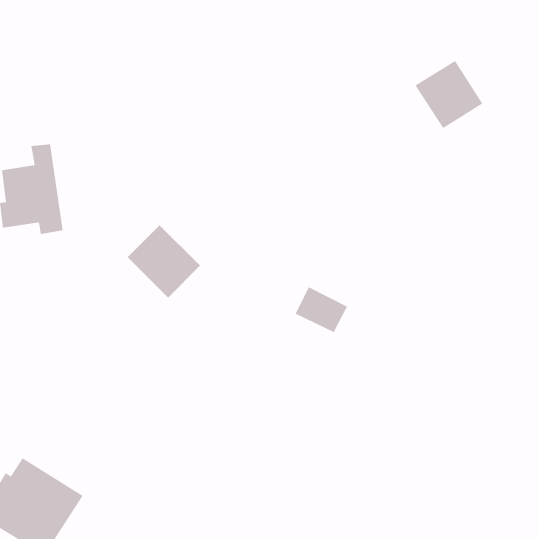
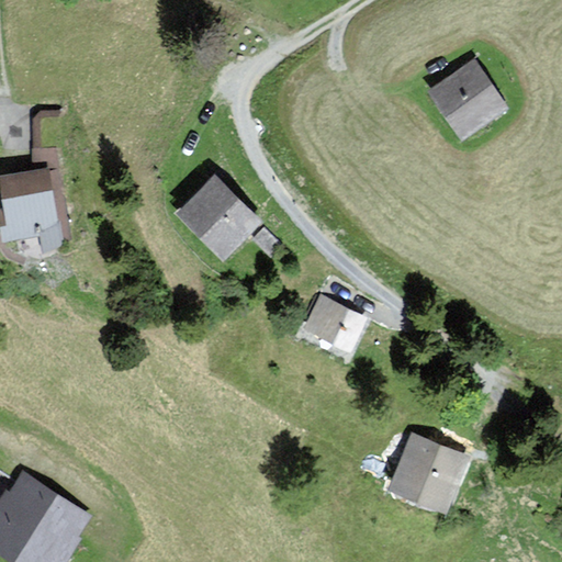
building: [127,224,201,298] -> [179,179,256,256]
building: none -> [390,436,464,508]

